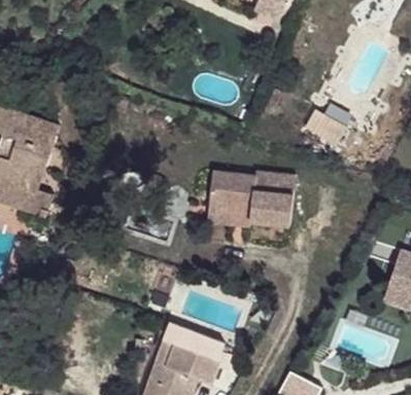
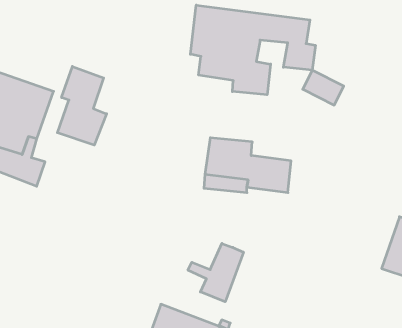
building: none -> [190,5,315,95]
building: none -> [57,66,107,145]
building: none -> [188,243,243,302]

